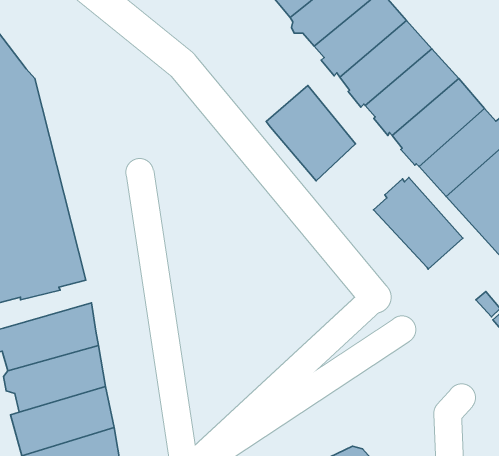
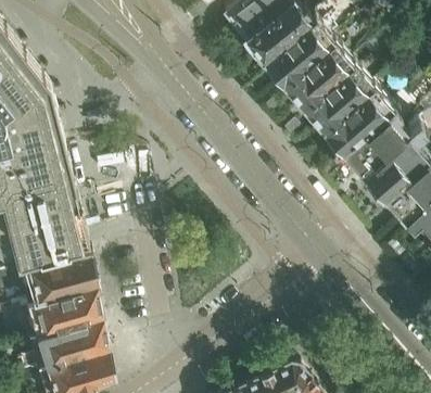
building: [266,86,355,181] -> none
building: [374,177,463,269] -> none

